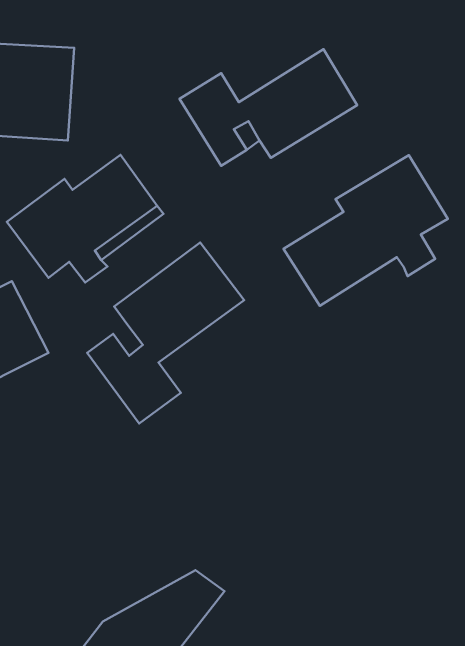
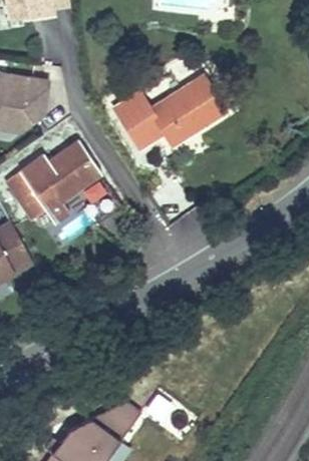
building: [283,155,448,306] -> none
building: [87,242,244,423] -> none

